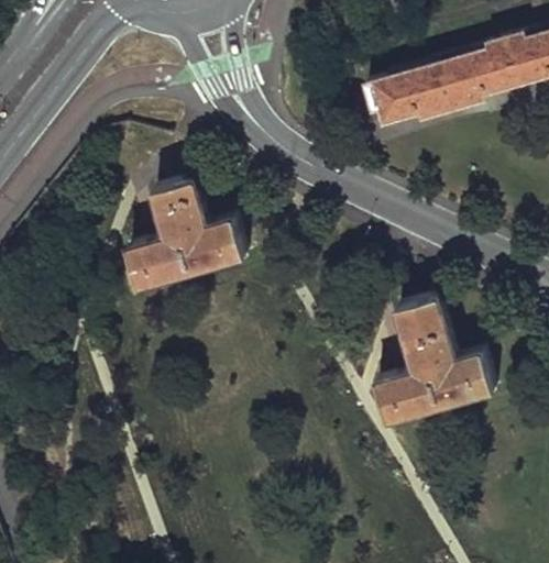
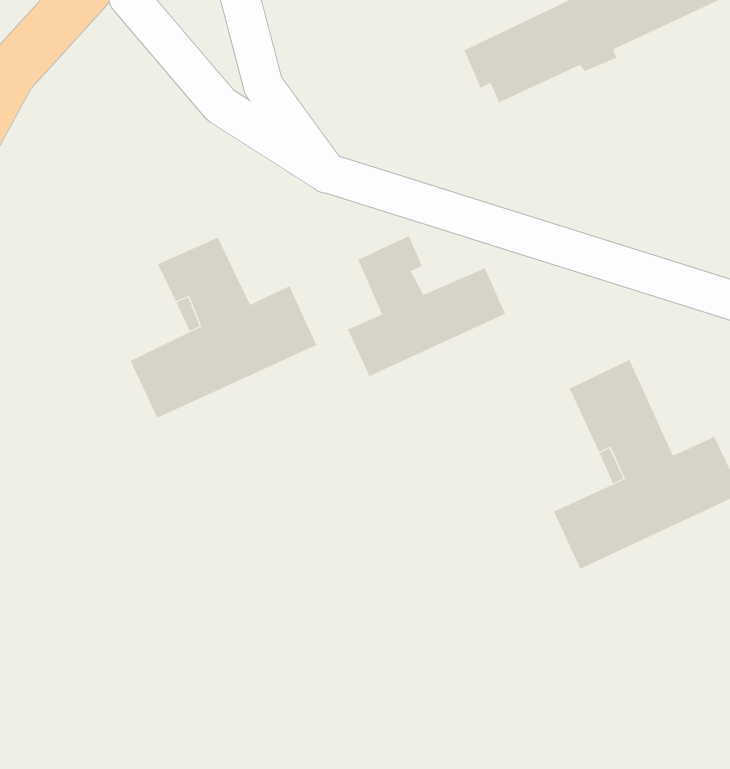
building: none -> [347,235,506,377]

